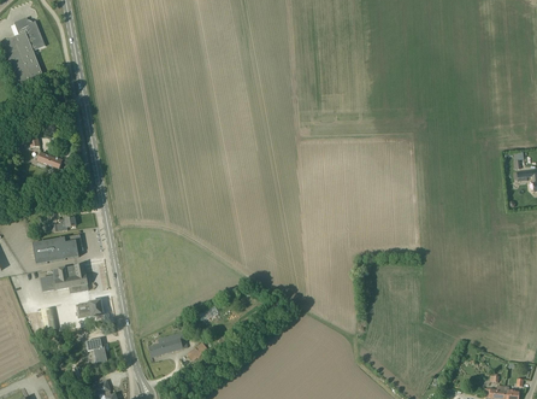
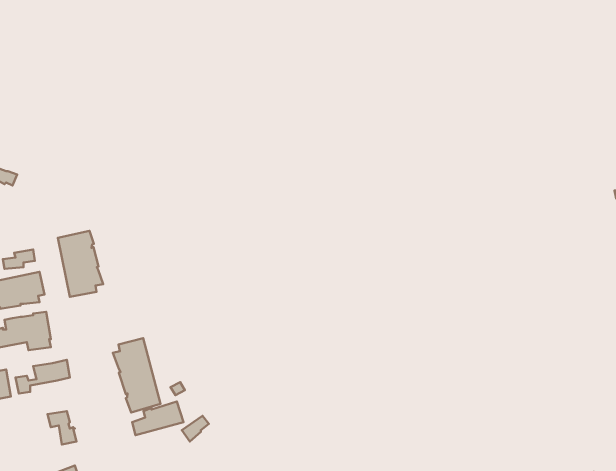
building: none -> [58,231,103,297]
building: none -> [113,338,161,413]

